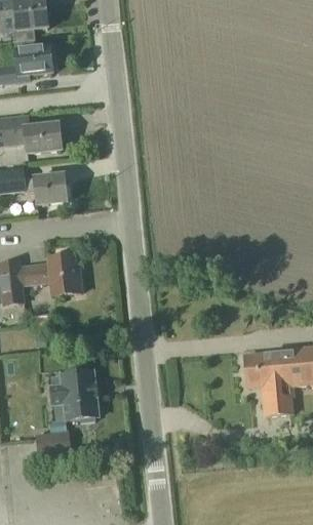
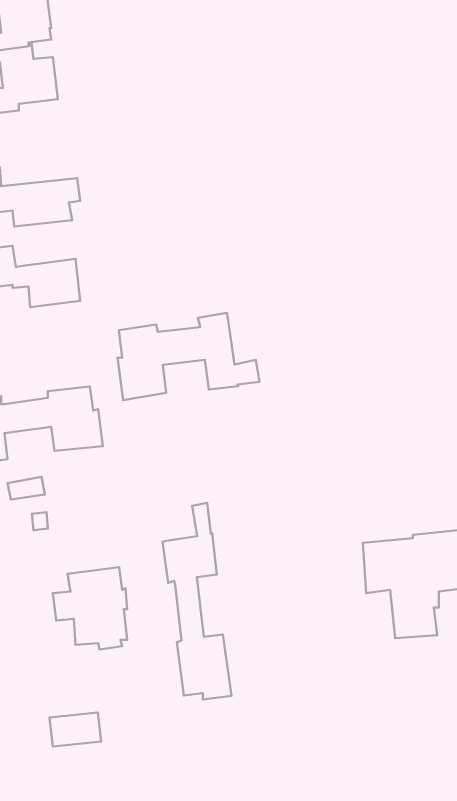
building: none -> [118,313,259,400]
building: none -> [162,503,232,699]
building: [35,432,68,453] -> [49,713,101,746]

